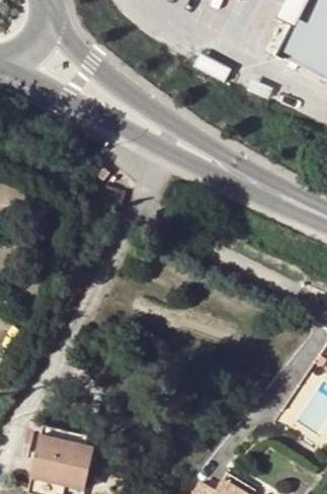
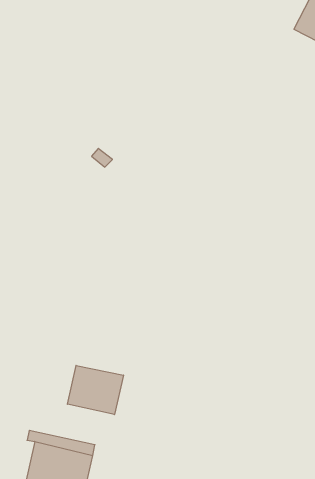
building: none -> [67,365,123,415]

